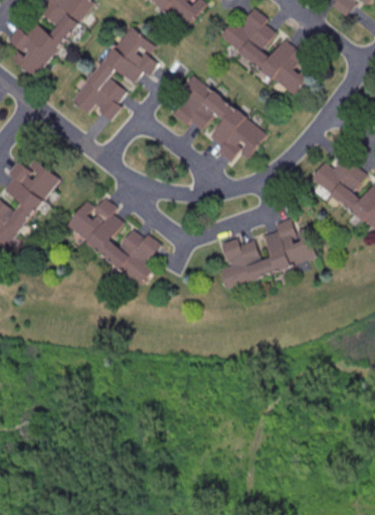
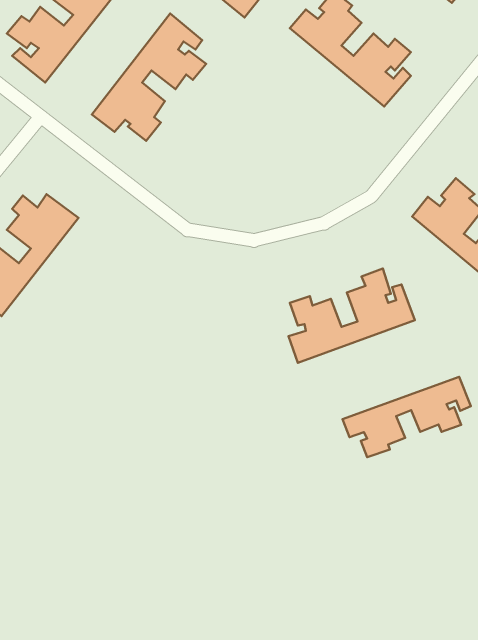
building: [171,75,264,162] -> none
building: [67,196,161,285] -> none
building: none -> [343,377,471,457]

